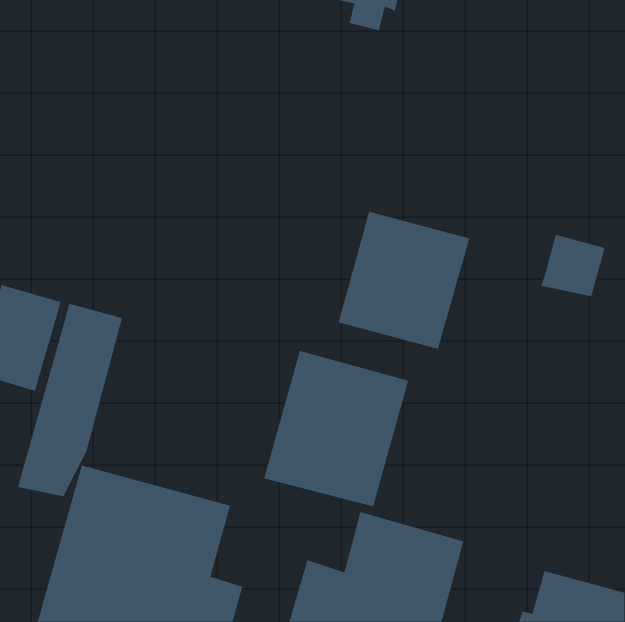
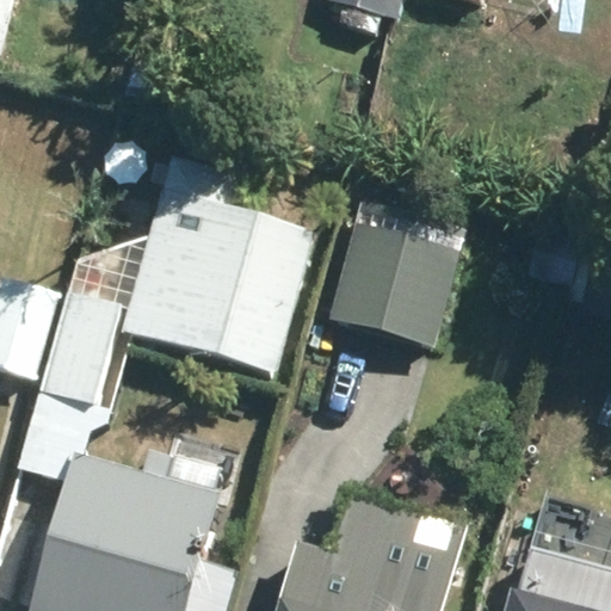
building: none -> [123,193,317,378]
building: [263,350,409,507] -> none

